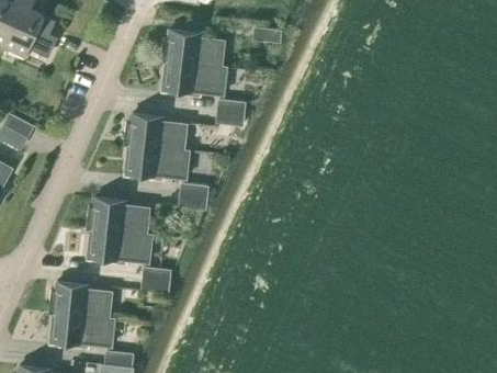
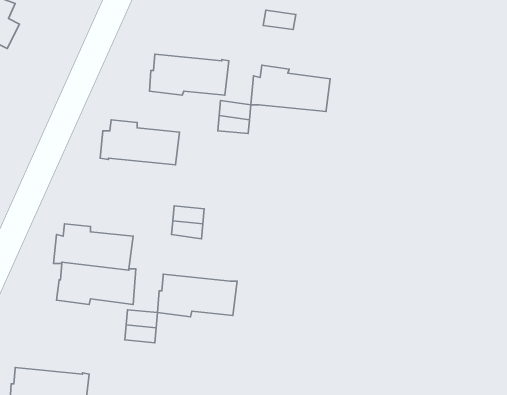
building: [160,30,224,67] -> [251,65,330,112]
building: [125,145,189,179] -> [158,274,237,317]
building: [48,282,112,318] -> none

